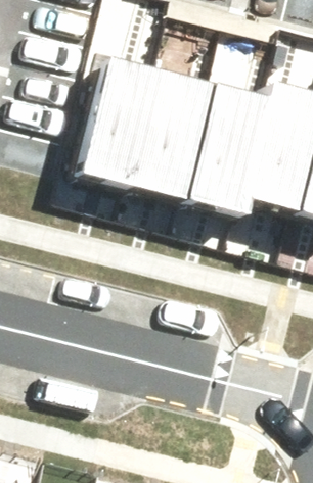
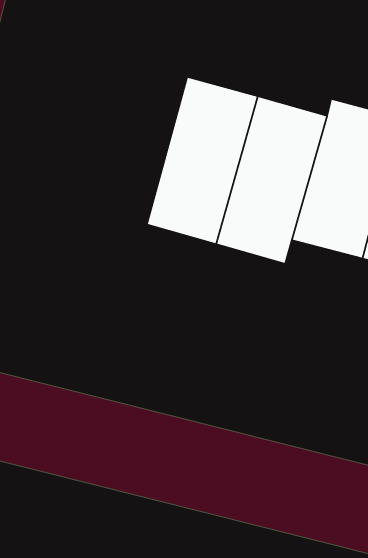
building: [74,52,161,183] -> none

